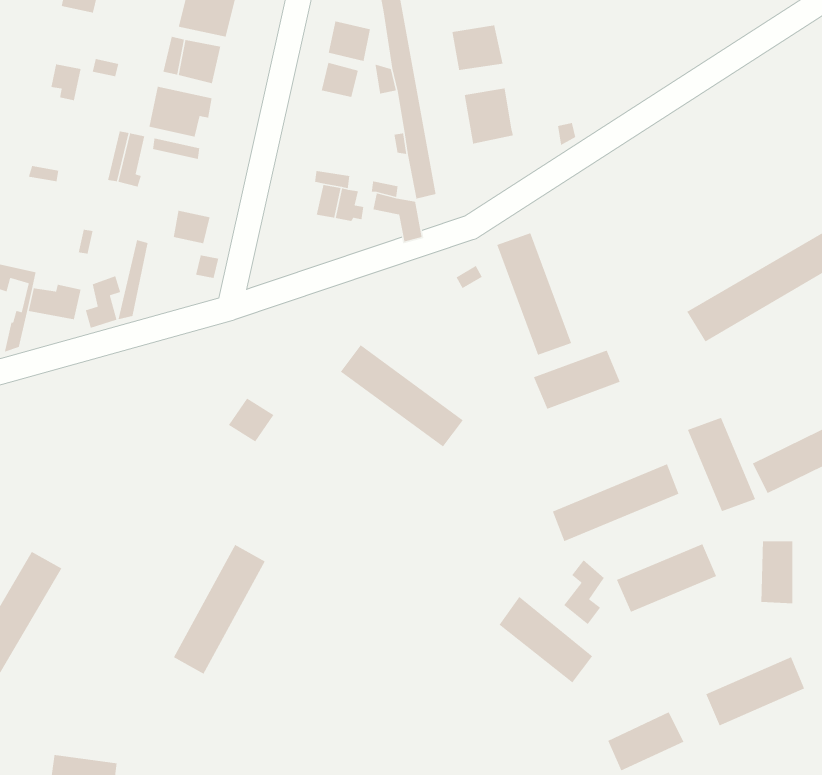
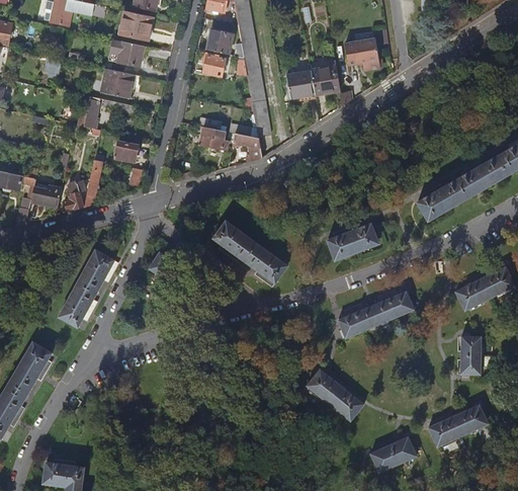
building: [452,24,503,71] -> [311,67,341,94]
building: none -> [347,37,380,70]
building: [496,232,572,356] -> none
building: [687,417,756,512] -> none
building: [616,543,717,613] -> none
building: [173,544,266,675] -> [59,249,113,326]
building: [563,559,605,625] -> none

